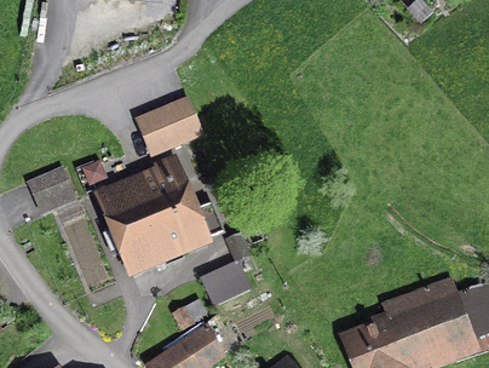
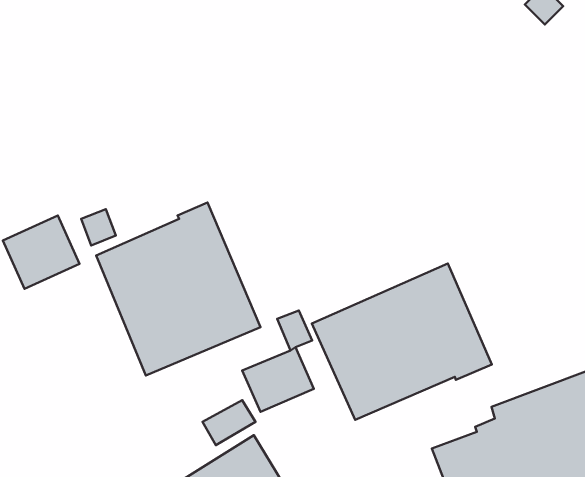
building: [133,94,205,157] -> none
building: none -> [312,263,492,420]

